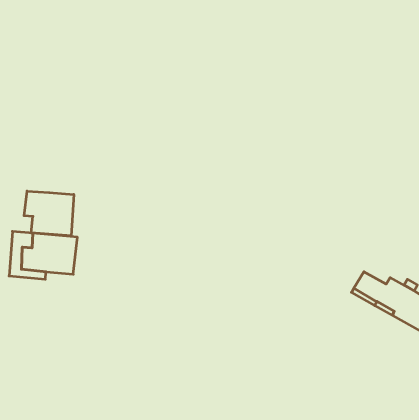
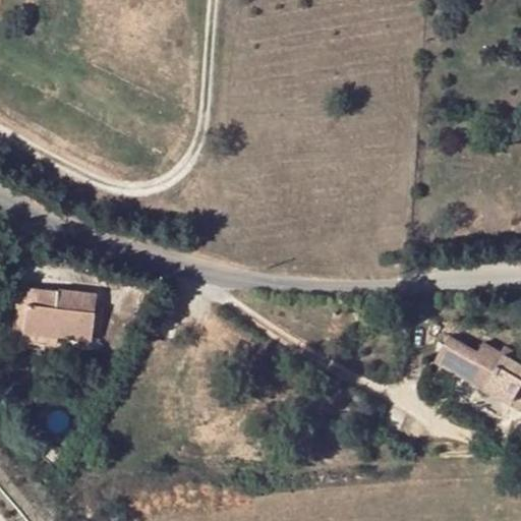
building: [24,191,74,236] -> none

